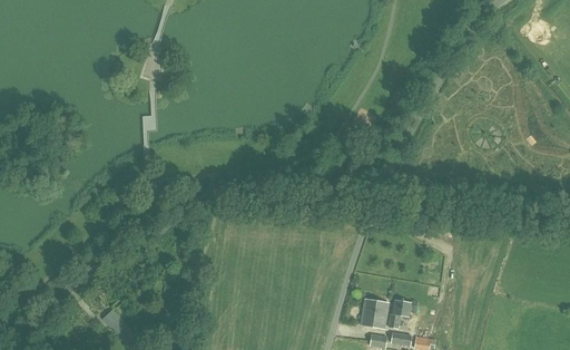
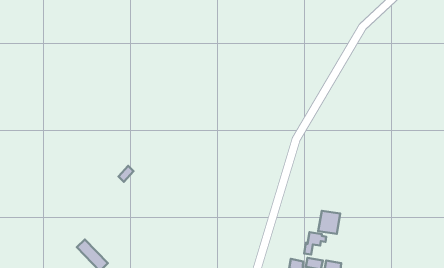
building: [360,299,387,328] -> [318,211,340,234]

